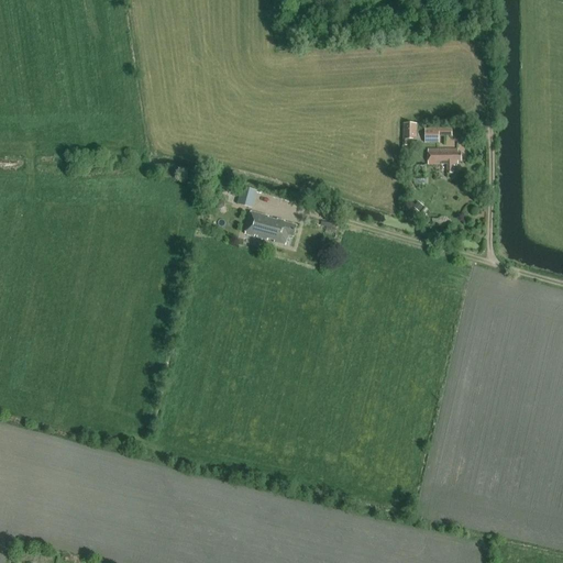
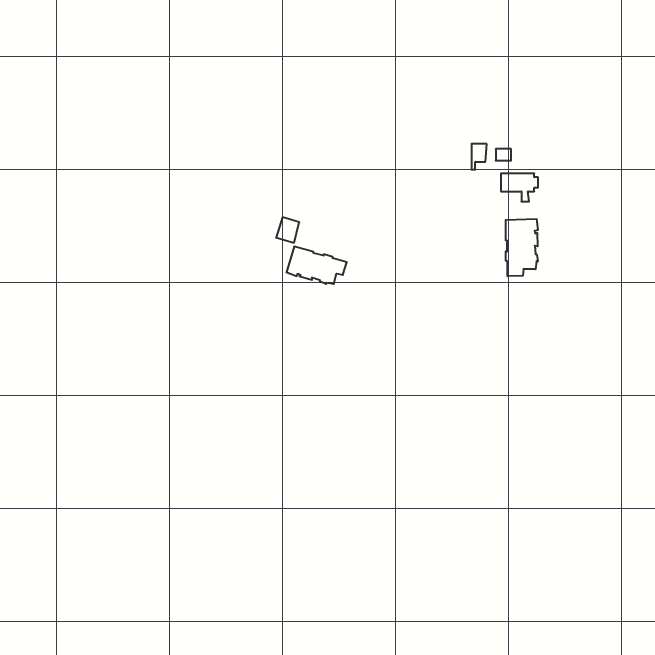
building: none -> [506,219,538,276]

